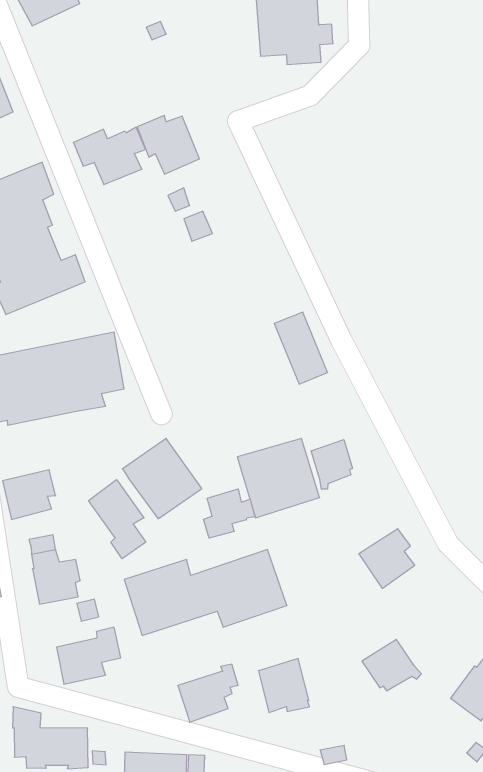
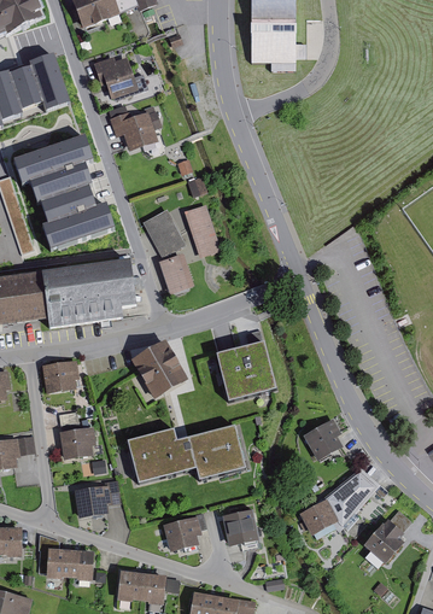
building: [137,115,199,174] -> [93,55,137,99]
building: none -> [141,209,185,257]
building: [274,312,328,384] -> [183,204,221,257]
building: none -> [158,255,194,296]
building: [311,440,352,489] -> none
building: [89,480,146,559] -> none
building: [204,489,255,538] -> none
building: none -> [323,467,379,527]

